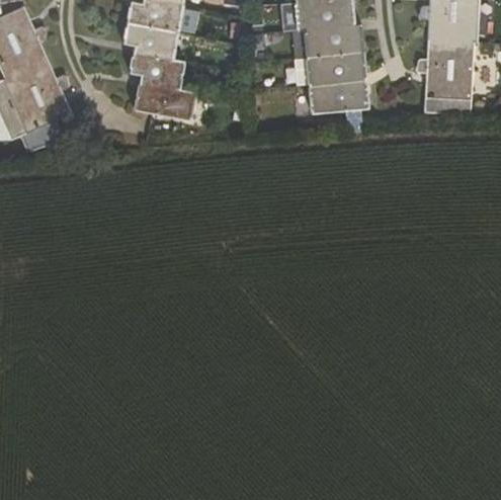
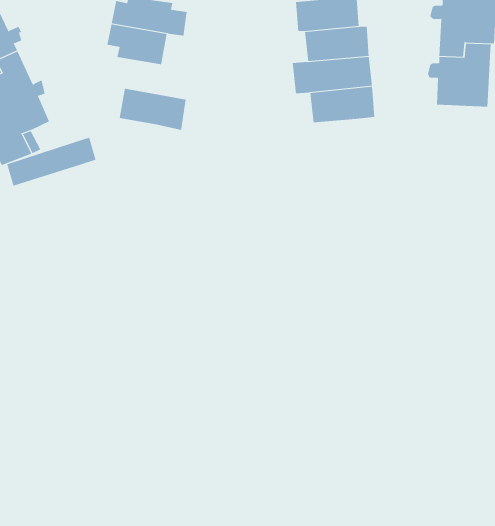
building: [129,54,184,89] -> none
building: none -> [7,137,96,186]

